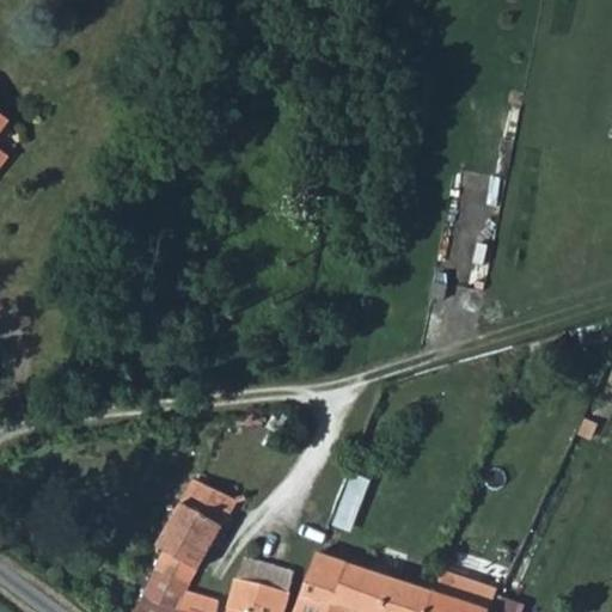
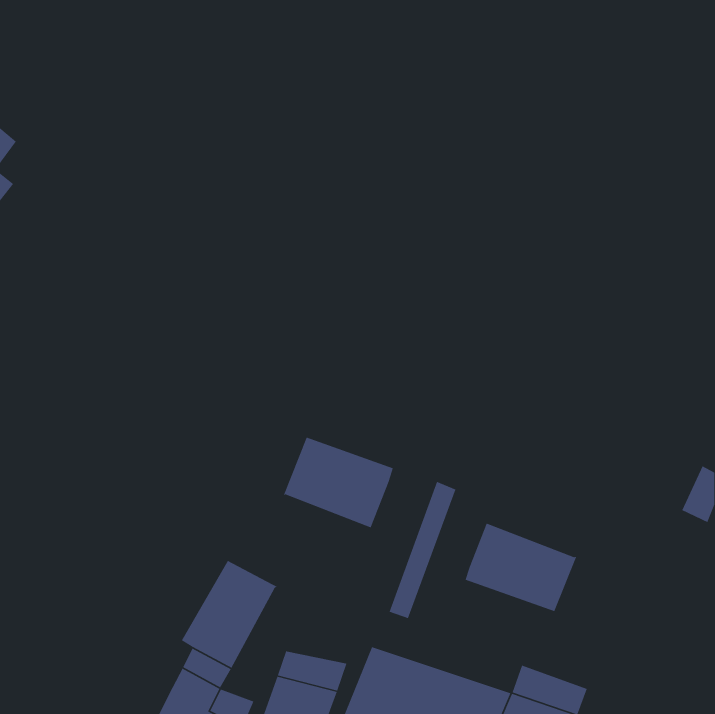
building: none -> [282,437,394,529]
building: none -> [465,522,577,612]

